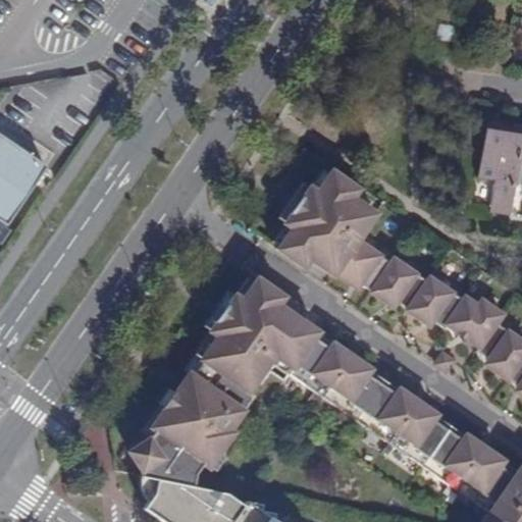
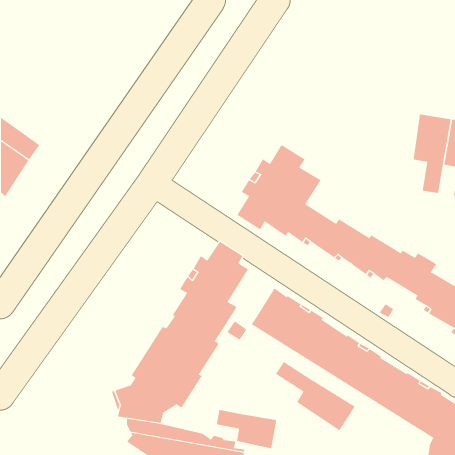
building: [263,310,316,366] -> none
building: none -> [275,361,355,431]
building: none -> [216,409,277,449]

